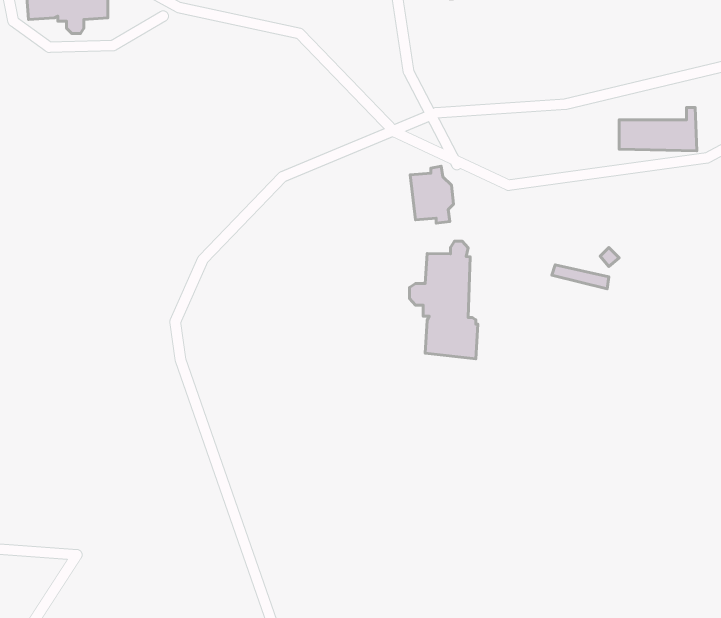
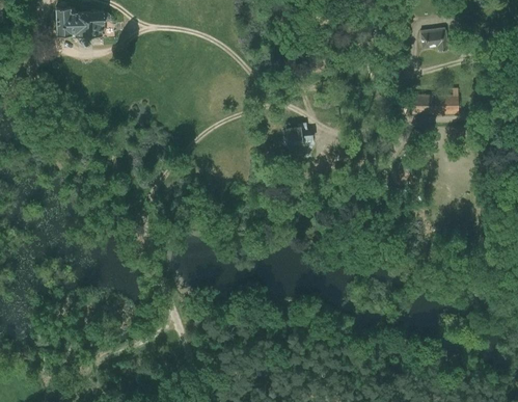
building: none -> [418,29,445,49]
building: [410,241,478,359] -> none

